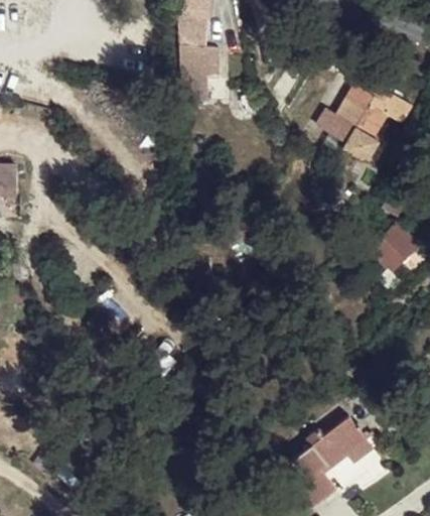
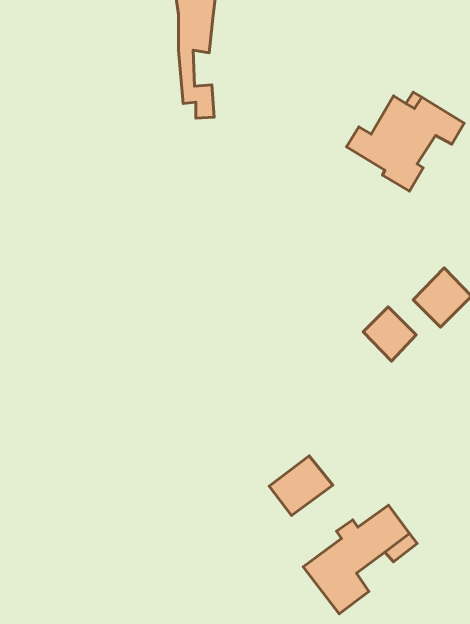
building: none -> [363,307,416,361]
building: none -> [269,456,333,515]

